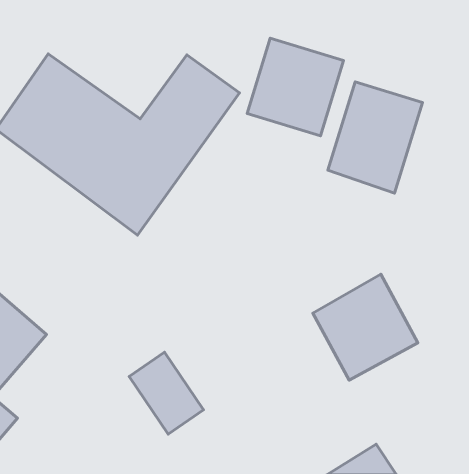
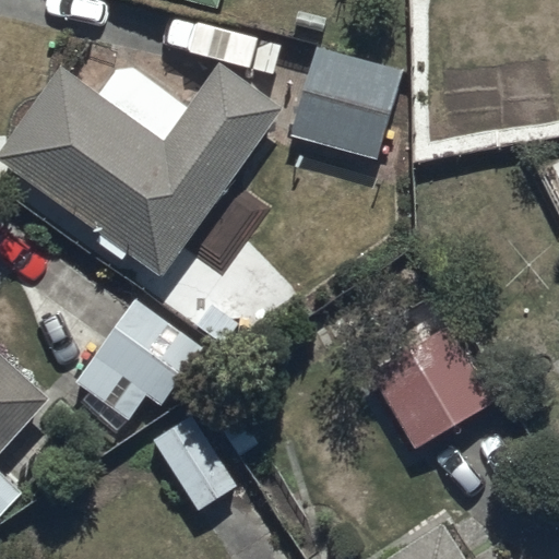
building: [328,82,422,193] -> none
building: none -> [72,299,201,436]

